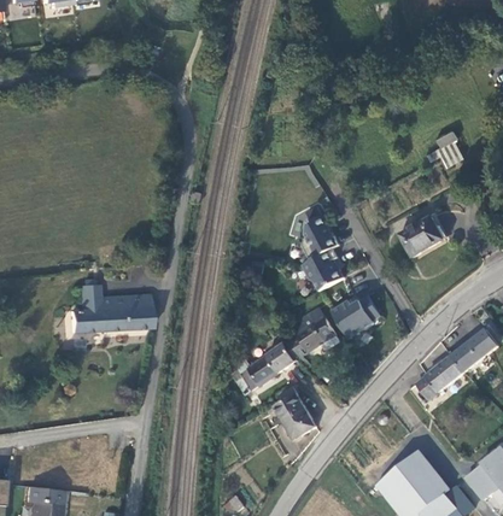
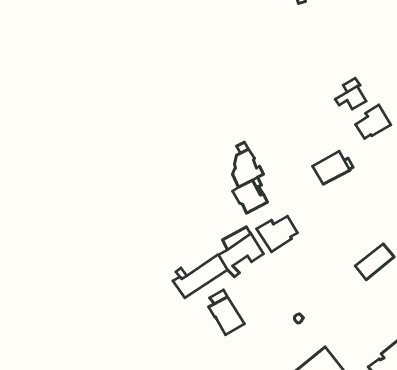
building: none -> [355,105,391,139]
building: [69,286,150,333] -> none
building: [415,356,463,399] -> none

